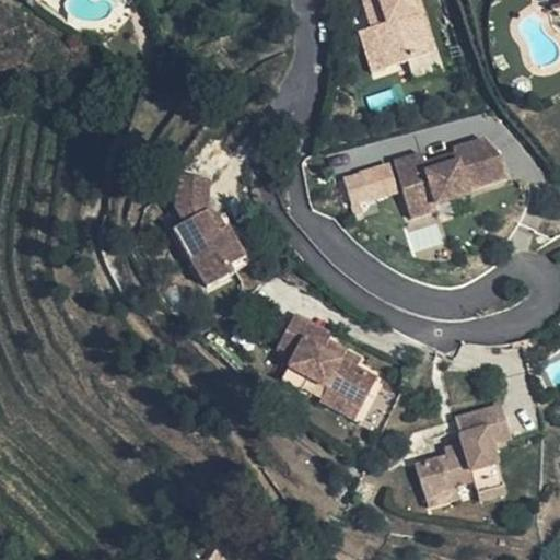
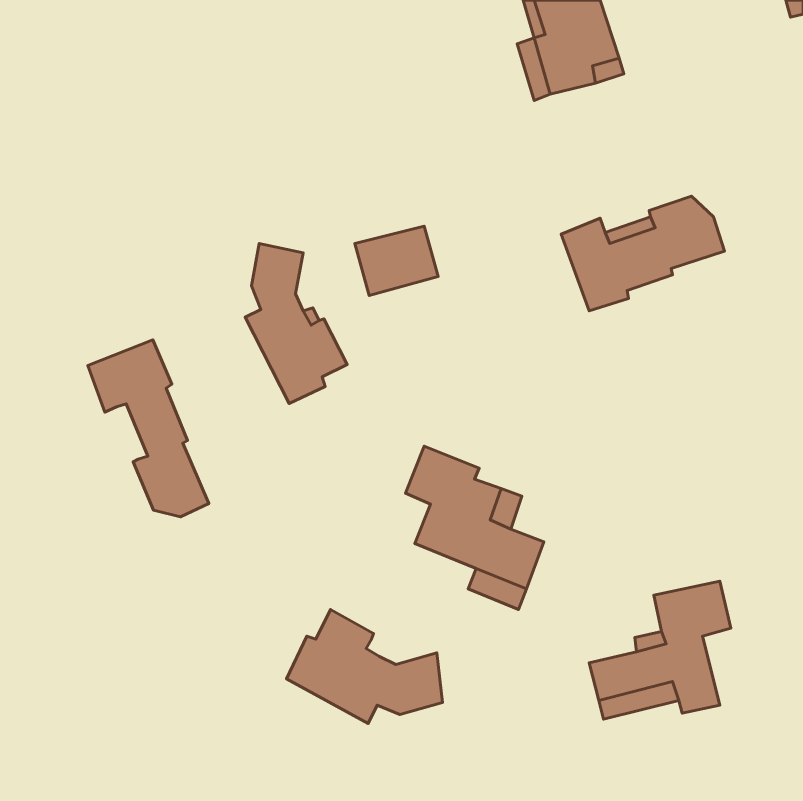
building: [341,163,399,211] -> [355,226,438,295]
building: none -> [88,340,209,517]
building: none -> [287,610,442,724]

